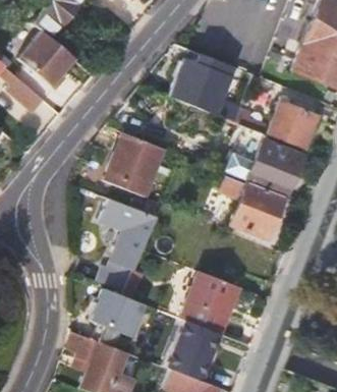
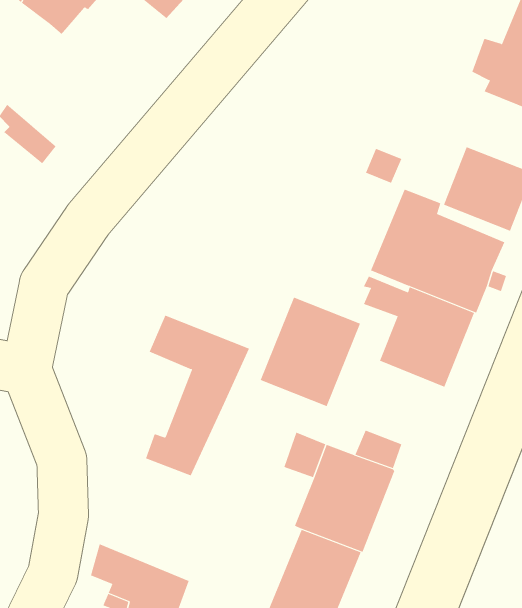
building: [20,32,75,91] -> none
building: [171,55,235,115] -> none
building: [106,133,164,197] -> [260,297,361,407]
building: [92,289,146,338] -> none

